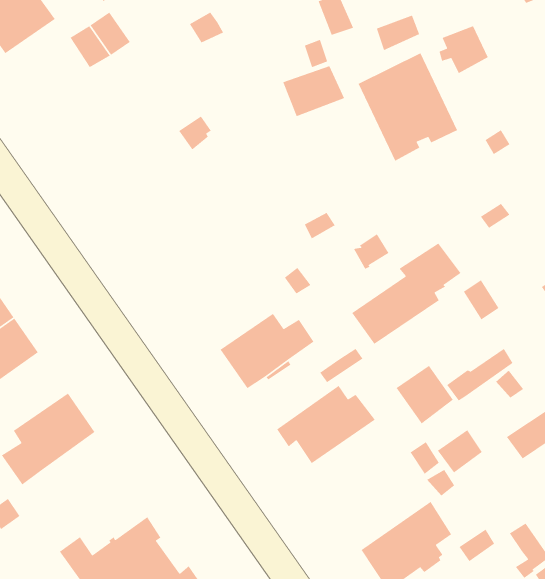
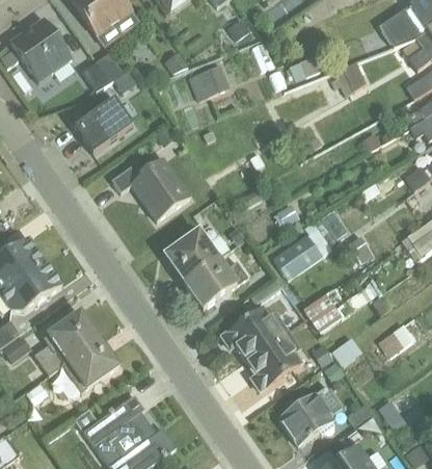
building: [357,52,458,162] -> none
building: [282,65,345,117] -> [188,63,231,99]
building: none -> [73,98,133,153]
building: none -> [110,156,191,220]
building: none -> [164,229,230,282]
building: none -> [245,330,302,391]
building: none -> [61,338,118,398]

